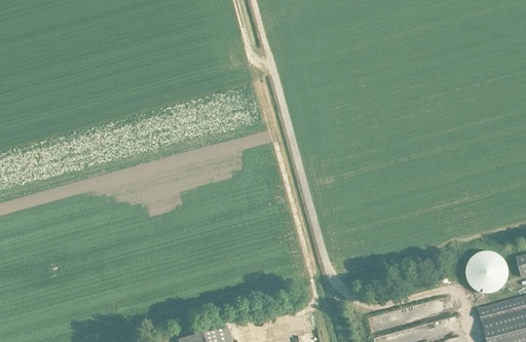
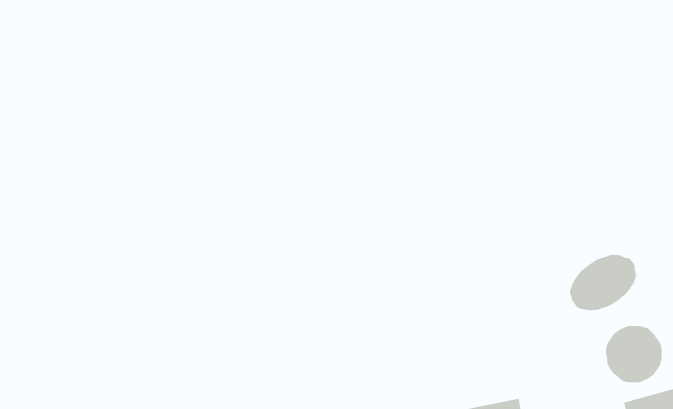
building: none -> [569,254,636,311]

